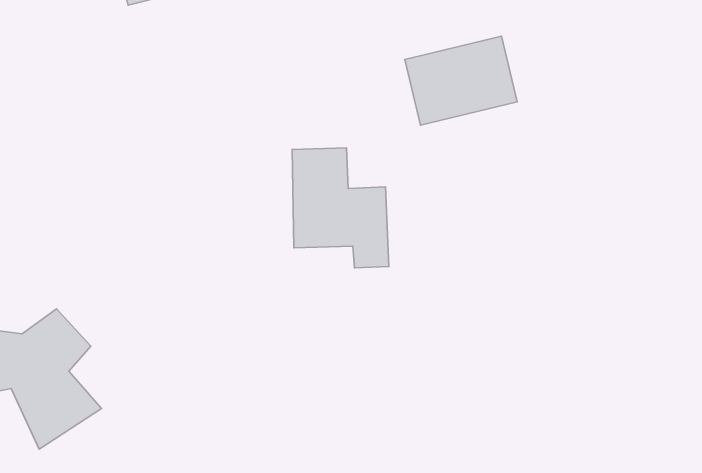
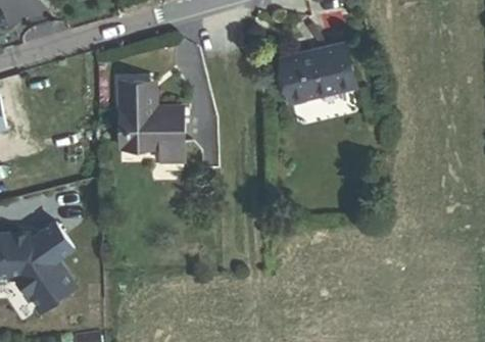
building: [292,148,389,268] -> [119,82,183,160]

